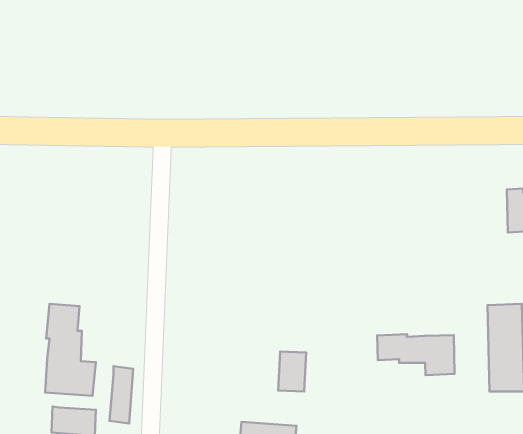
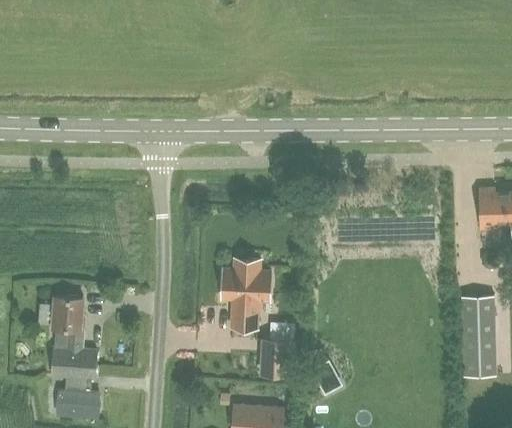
building: none -> [221,259,270,329]
building: [377,334,455,375] -> none
building: [109,366,133,423] -> none

